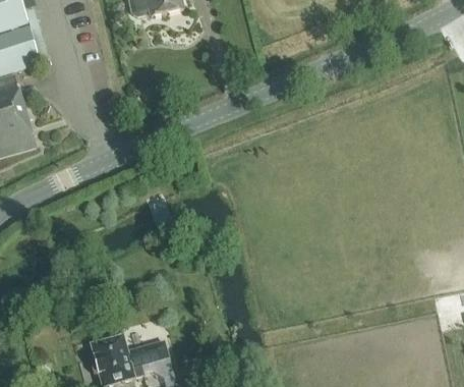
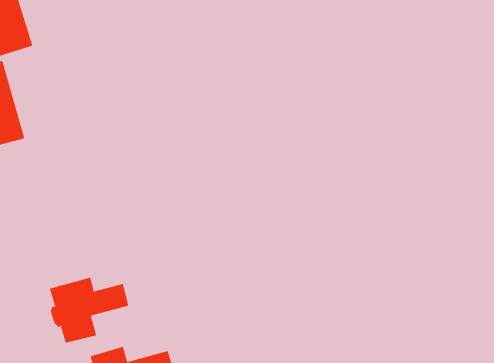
building: none -> [49,277,129,343]

